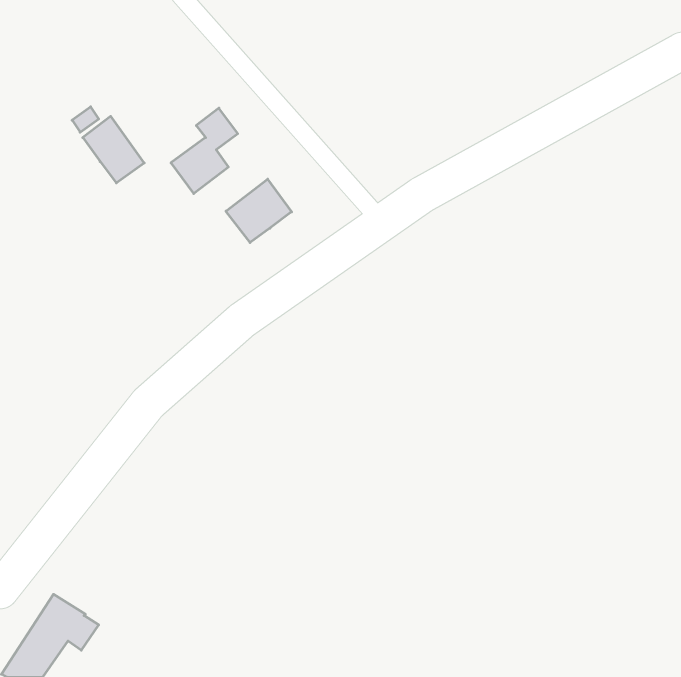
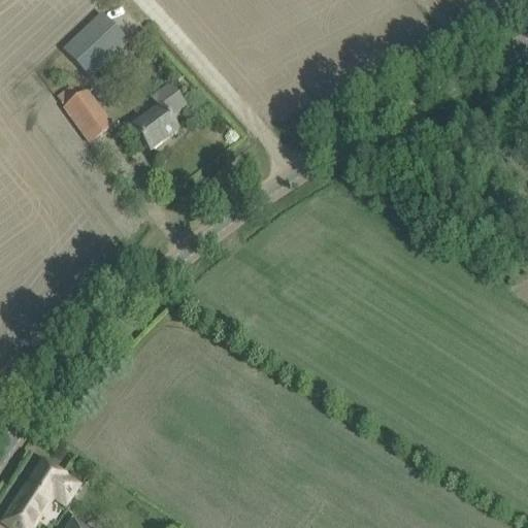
building: none -> [62,10,129,77]
building: [226,179,292,243] -> none

